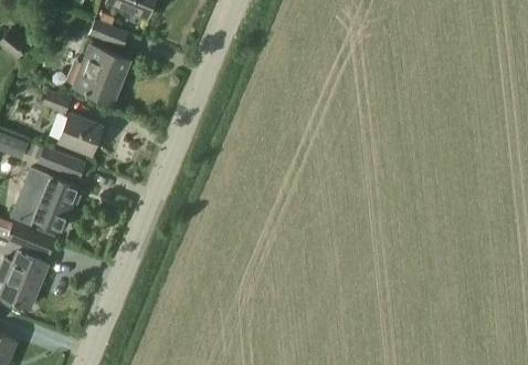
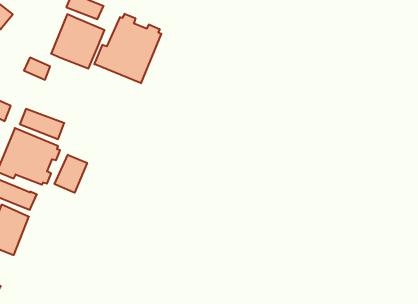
building: none -> [94,14,161,83]
building: [60,113,104,155] -> none
building: none -> [54,155,87,193]

